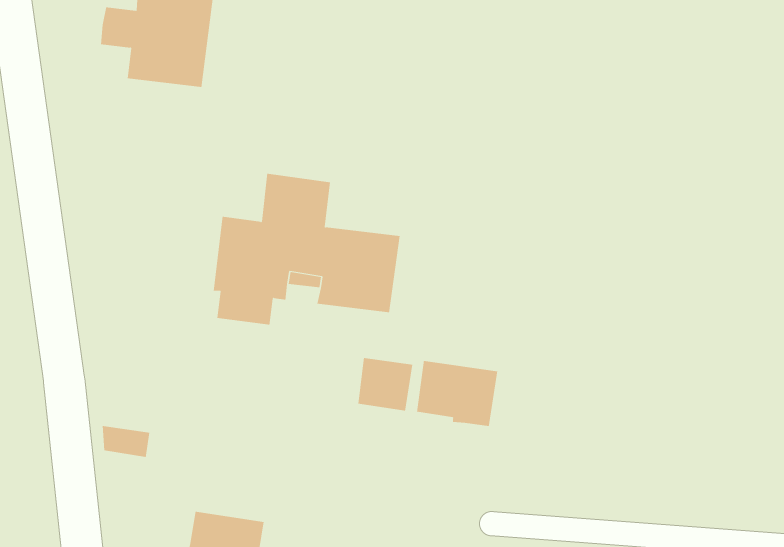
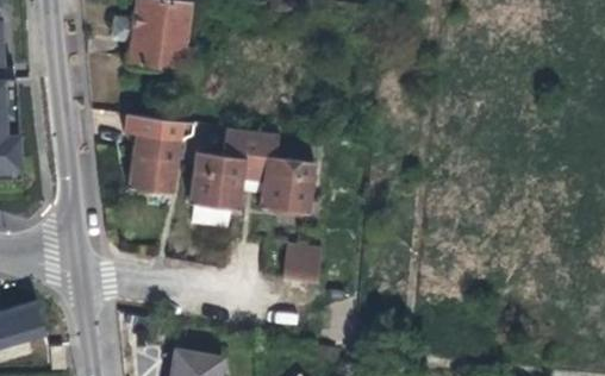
building: none -> [124,111,192,194]
building: [416,360,498,427] -> none

